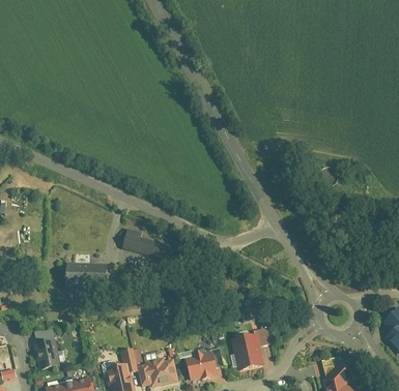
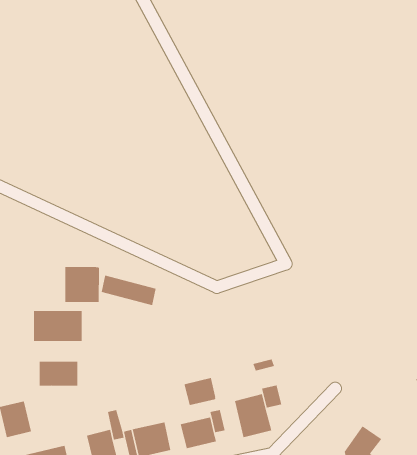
building: none -> [65,266,100,303]
building: none -> [39,361,78,386]
building: none -> [184,377,216,406]

